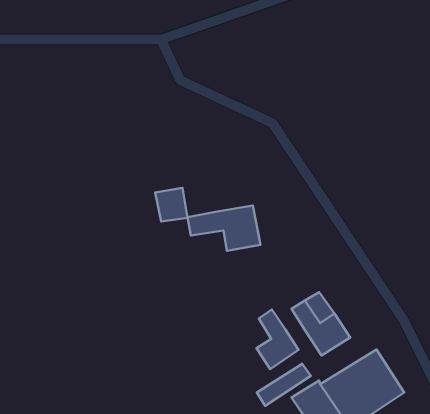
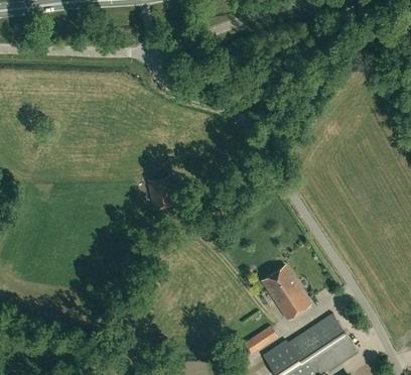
building: [187,205,261,251] -> none
building: [256,310,299,369] -> none

